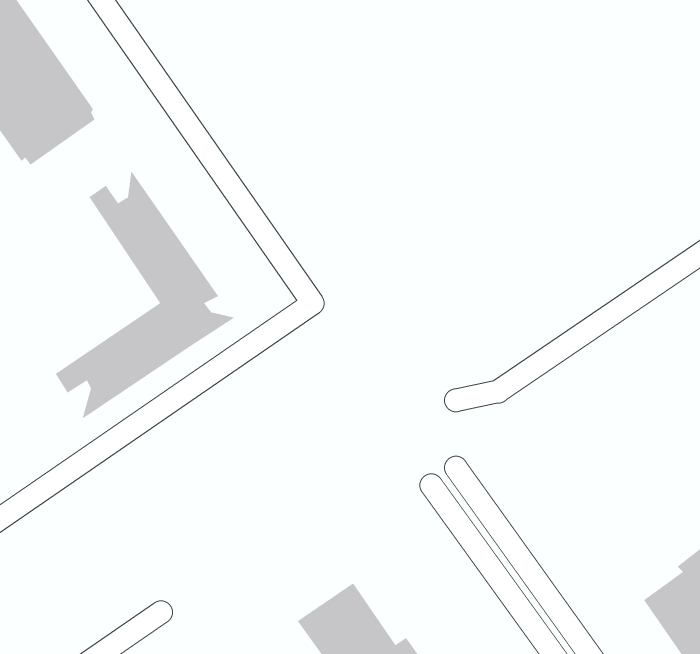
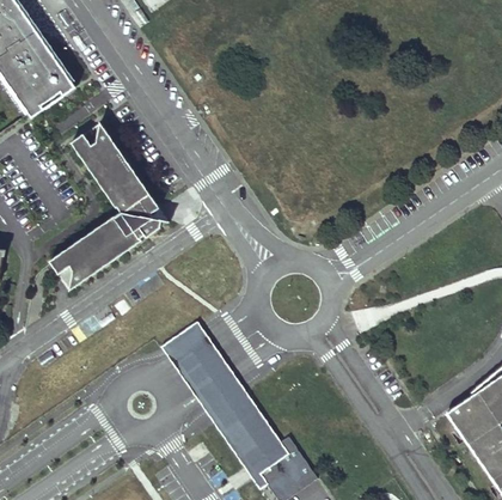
building: none -> [160,322,252,427]

